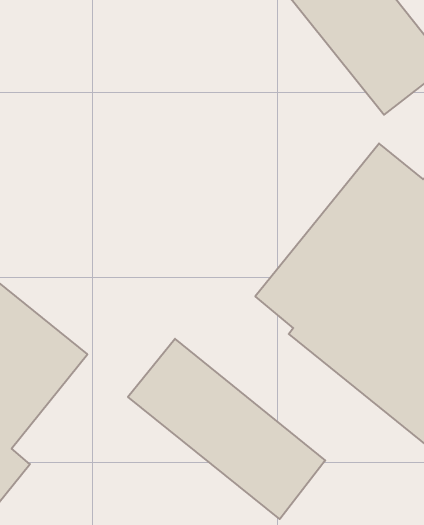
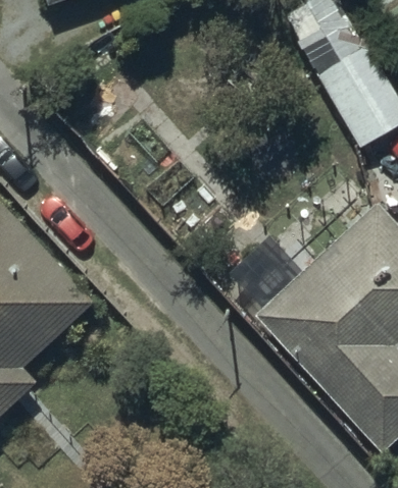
building: [128,339,325,519] -> none

